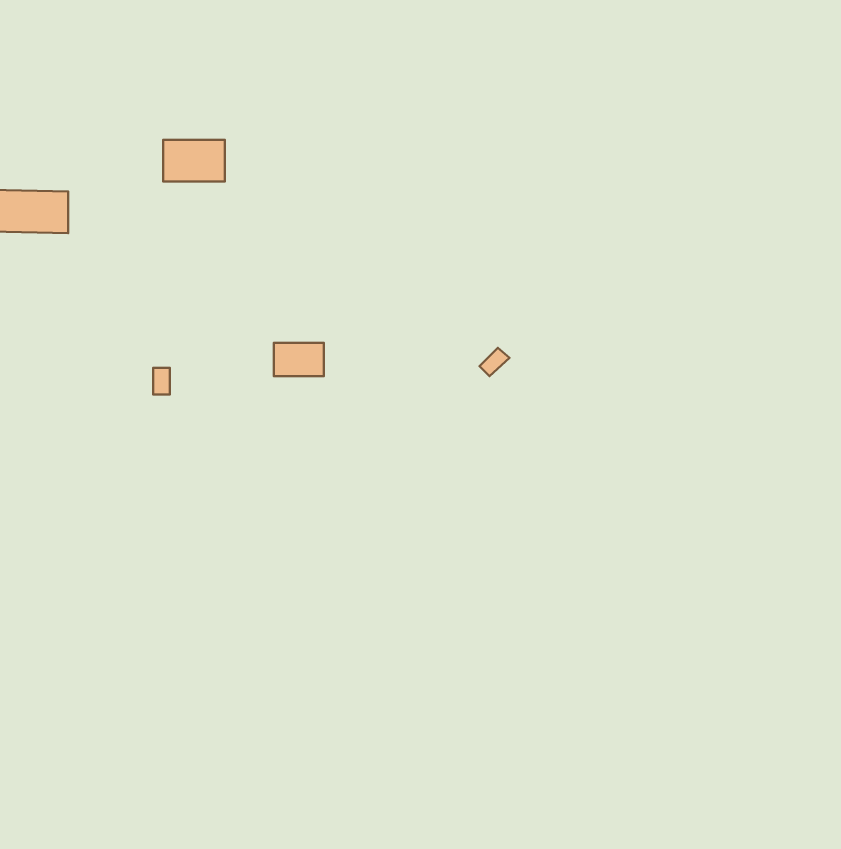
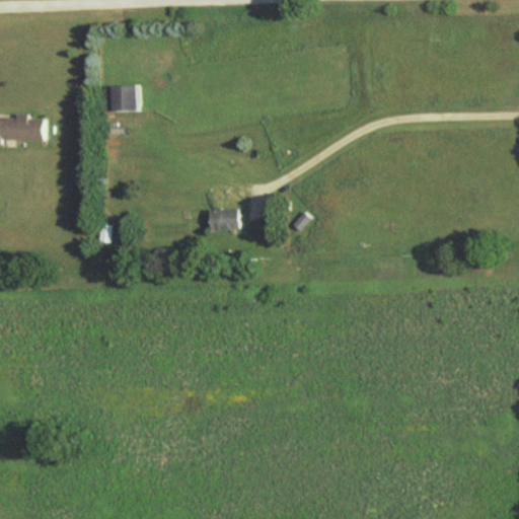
building: [274,343,324,376] -> [208,208,238,228]

